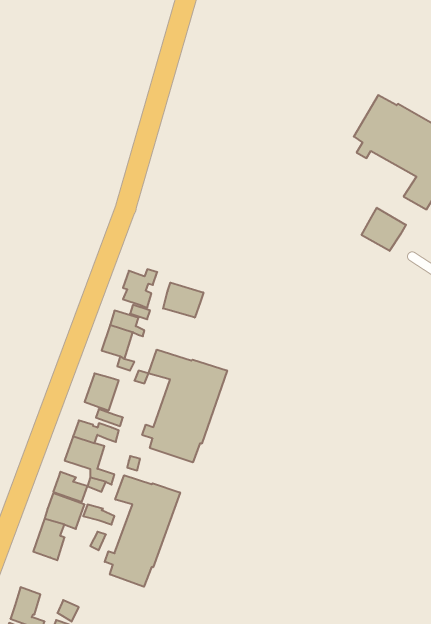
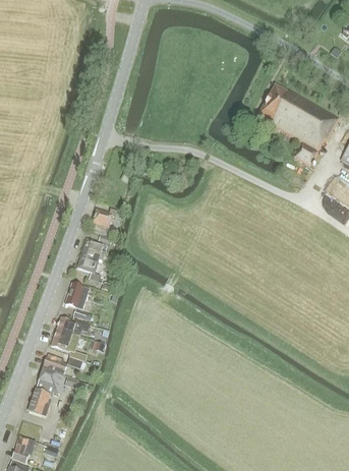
building: [362,208,406,251] -> none
building: [163,283,203,318] -> none
building: [142,350,227,462] -> none
building: [105,475,180,587] -> none

